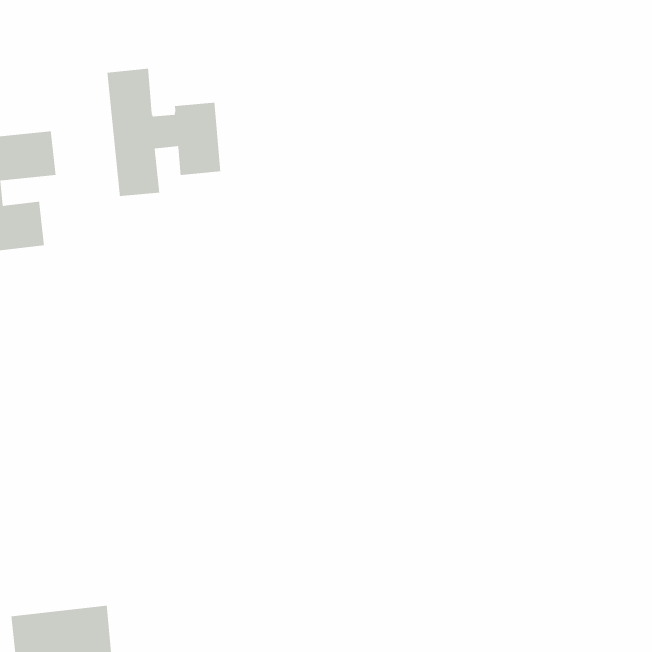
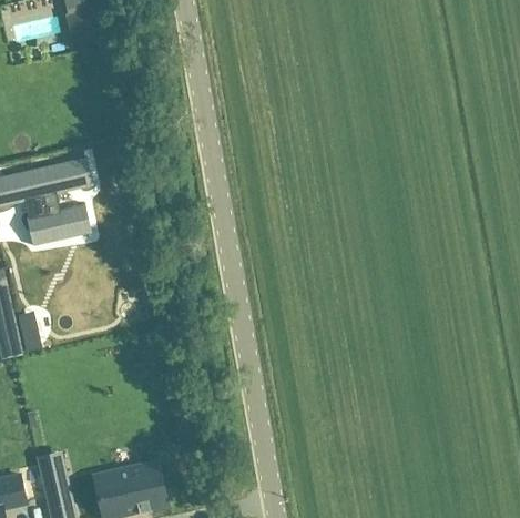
building: [106,68,221,197] -> none

